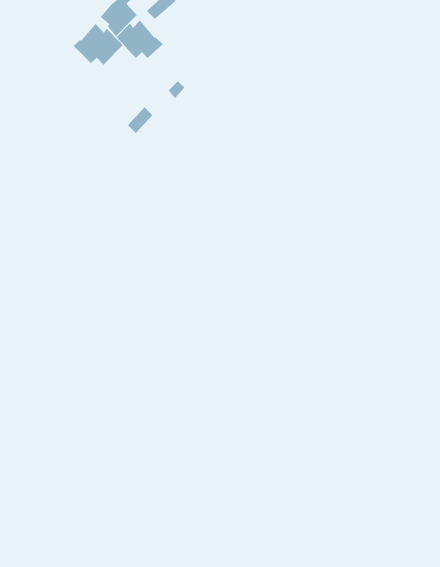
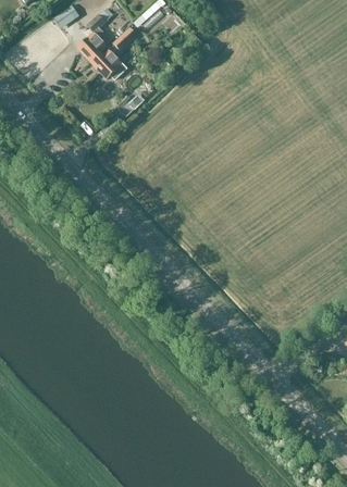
building: [73,23,123,65] -> none

